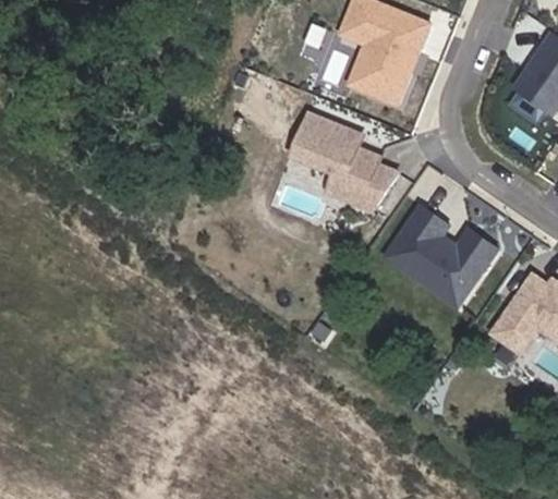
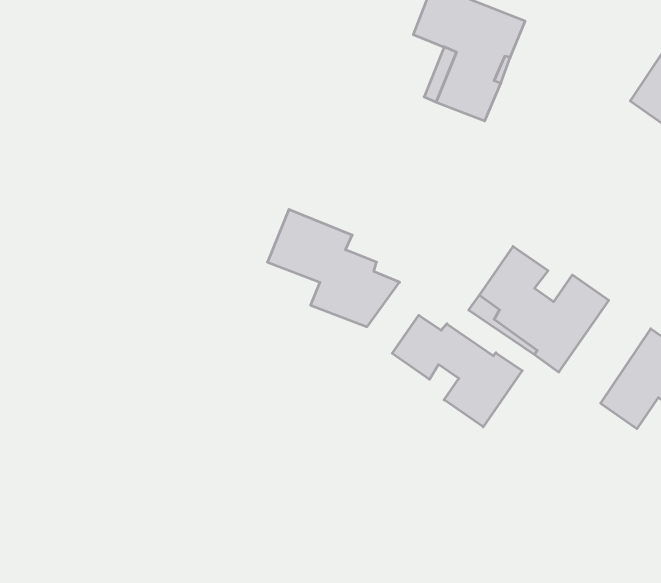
building: [295,115,402,210] -> [267,209,400,327]
building: none -> [392,315,522,427]

